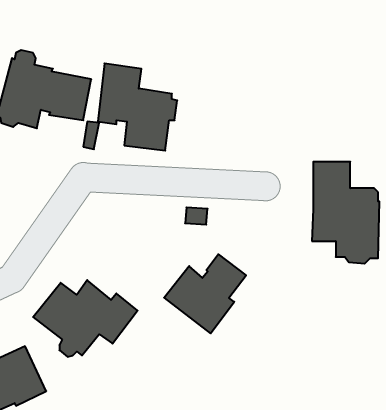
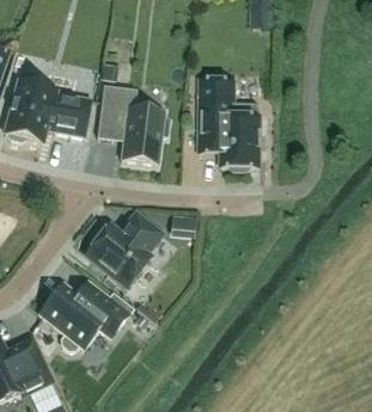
building: [312,162,379,264] -> [199,78,260,170]
building: [164,254,246,333] -> [85,211,159,283]

